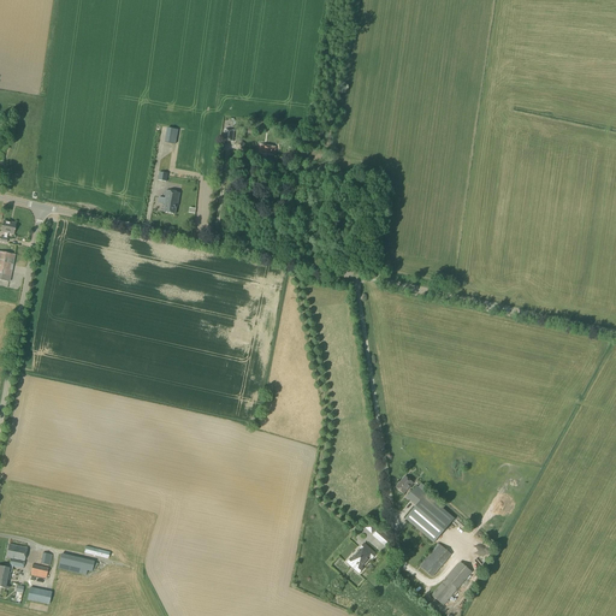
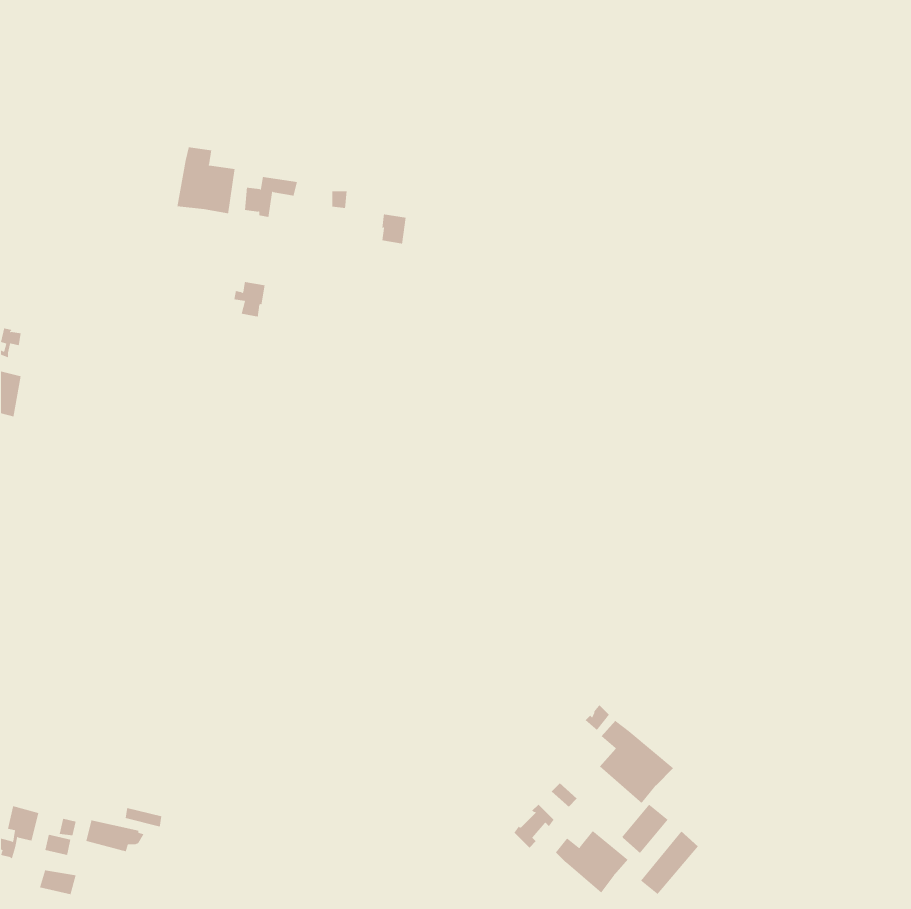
building: none -> [177,146,235,214]
building: none -> [555,830,628,894]

